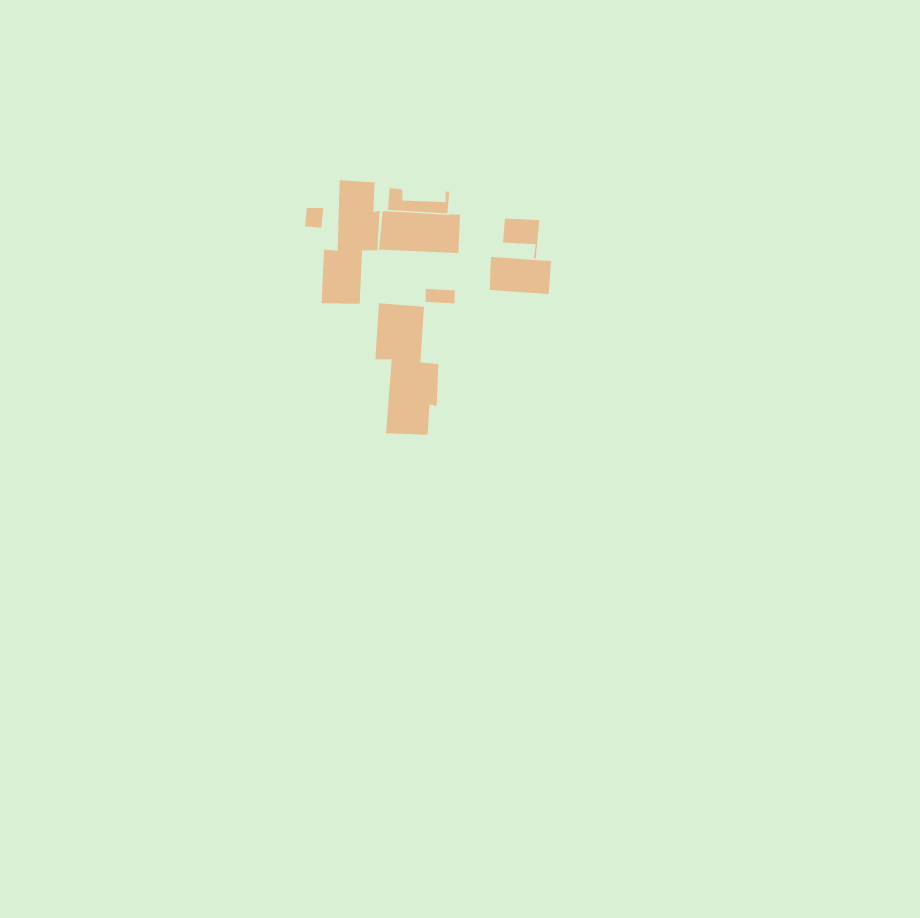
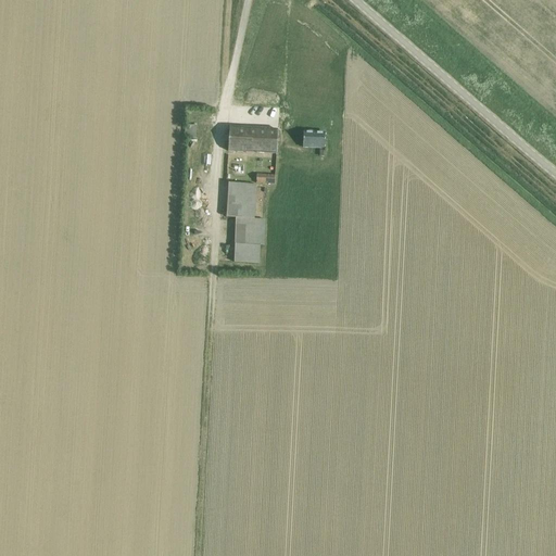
building: [321,180,380,305] -> none
building: [489,256,552,295] -> none

